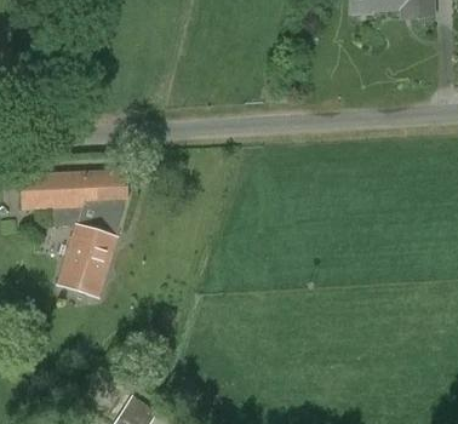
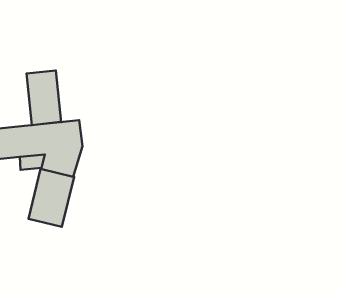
building: none -> [27,70,61,125]

